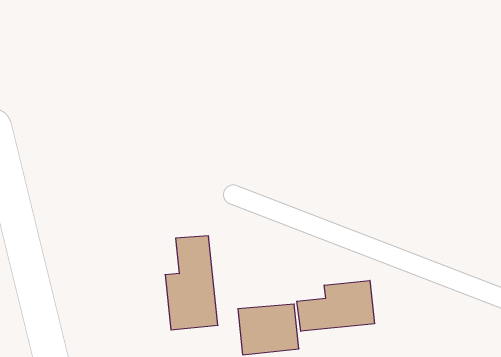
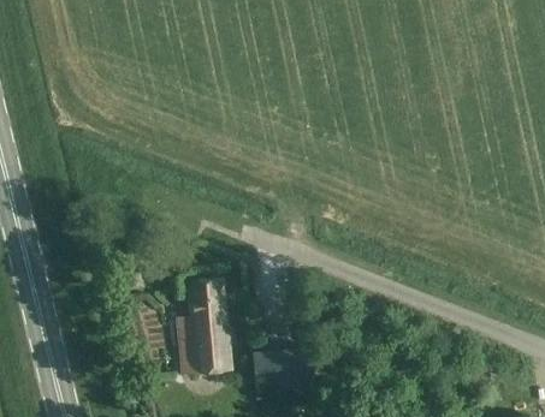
building: [297,280,374,331] -> none

